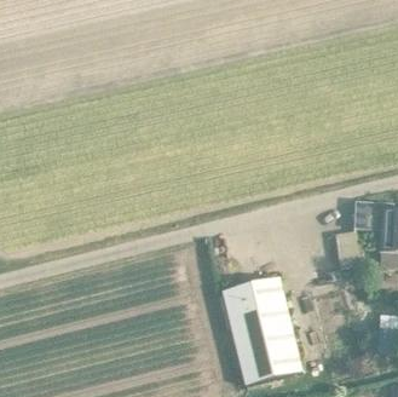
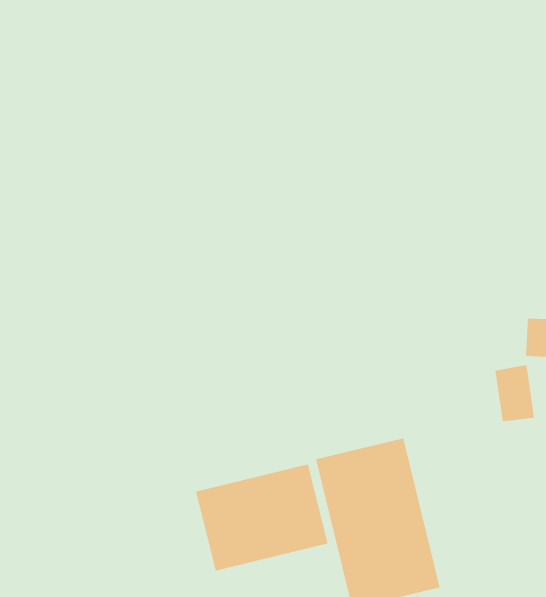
building: none -> [195,463,328,572]

